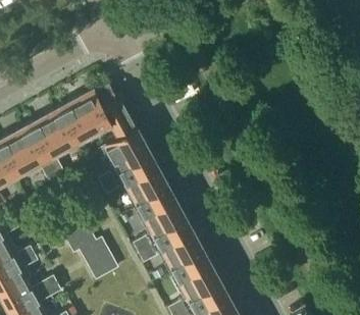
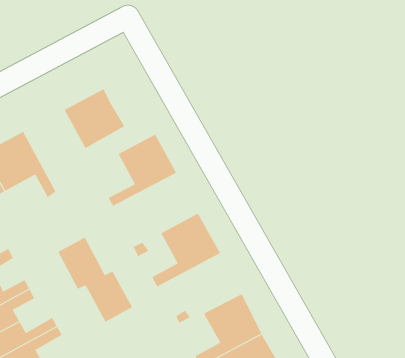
building: [99,93,136,137] -> none
building: [29,108,79,174] -> none
building: [101,159,170,208] -> none
building: [137,224,206,273] -> none

